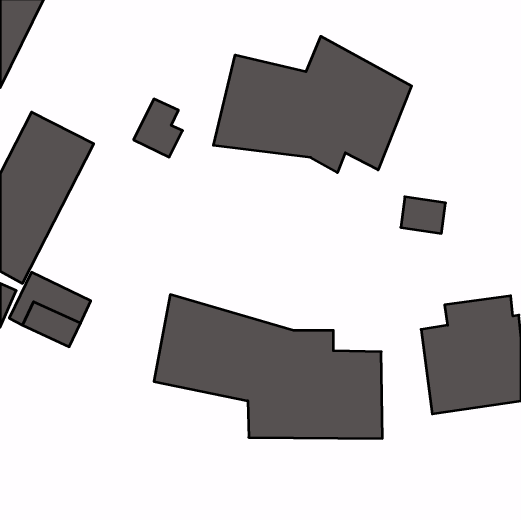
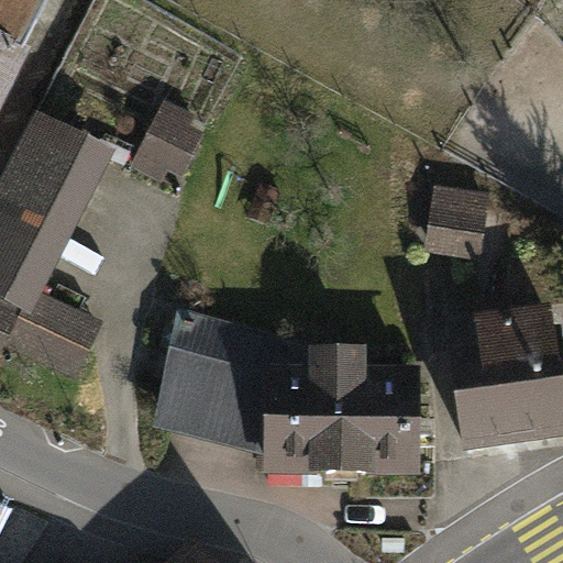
building: [213,36,412,173] -> none

